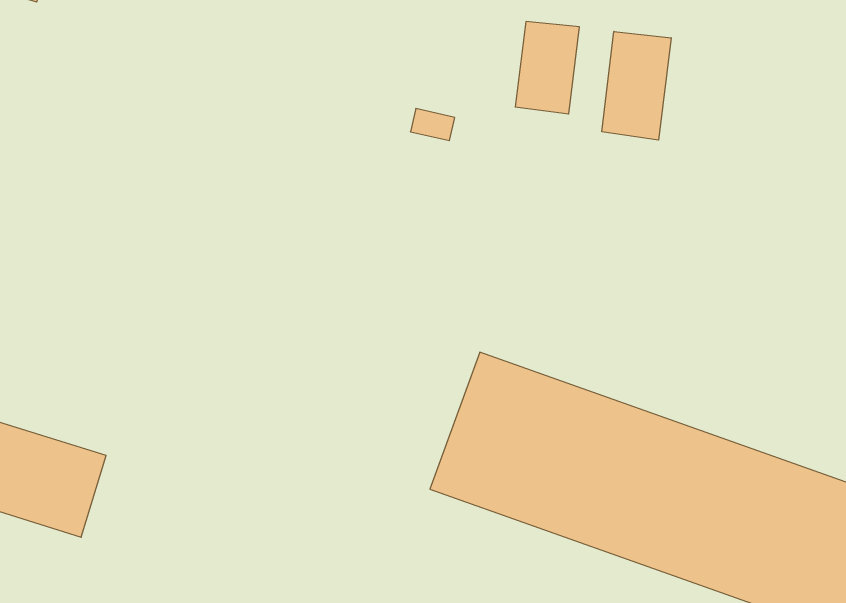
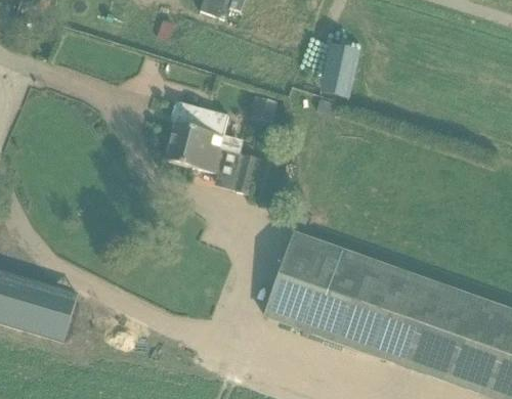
building: [602,31,671,140] -> none
building: none -> [166,99,261,193]

